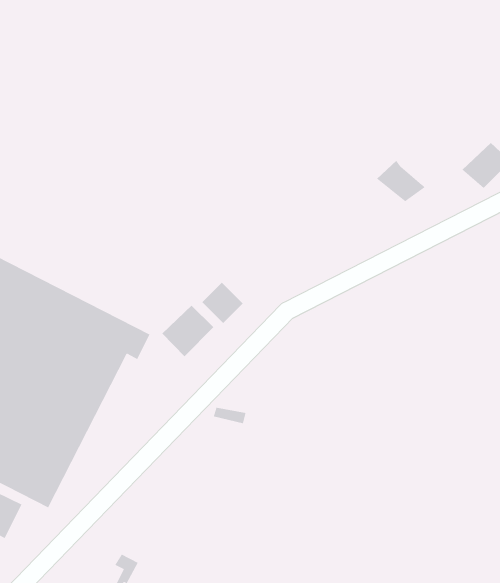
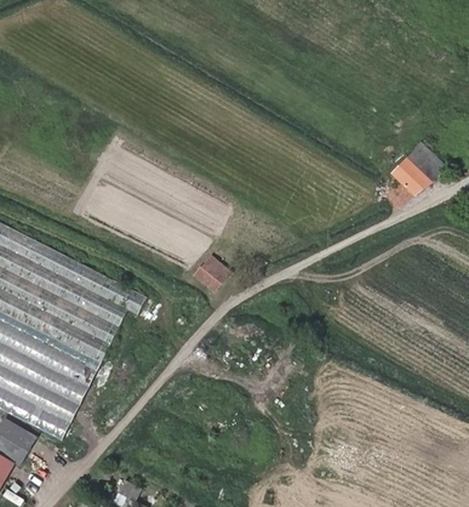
building: [376,160,426,202] -> [383,155,424,190]
building: [162,305,214,357] -> none

